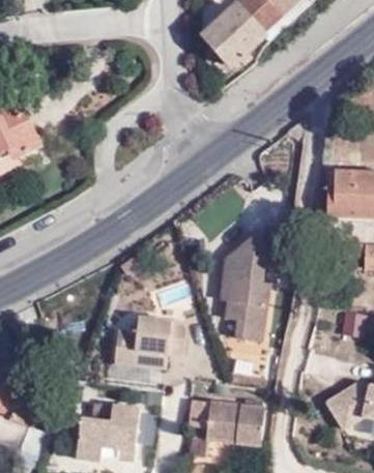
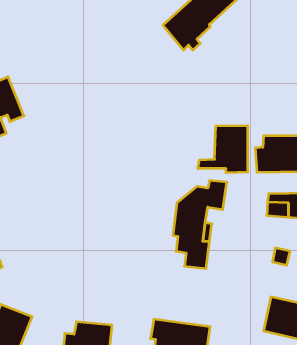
building: none -> [198,126,248,173]
building: [116,318,186,369] -> none

